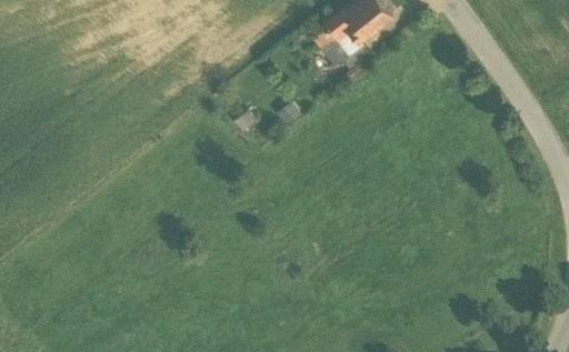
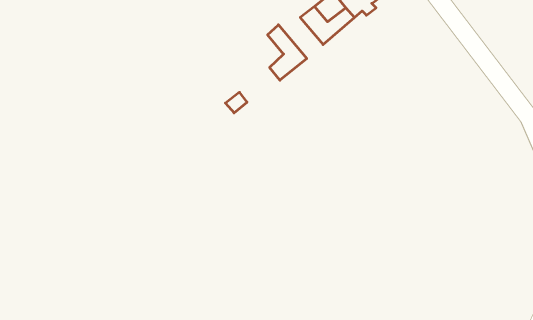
building: none -> [268,25,307,80]

